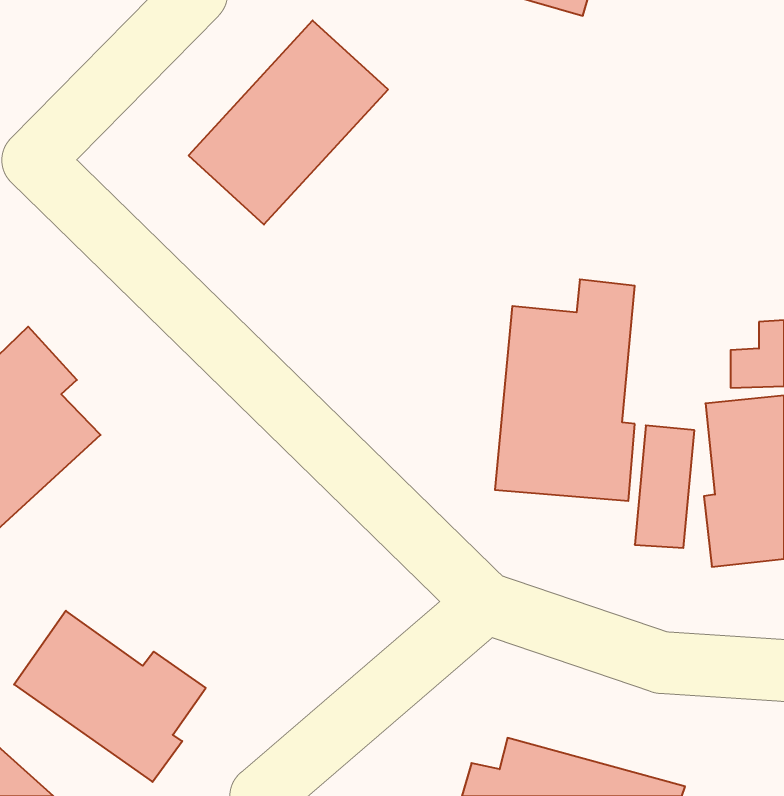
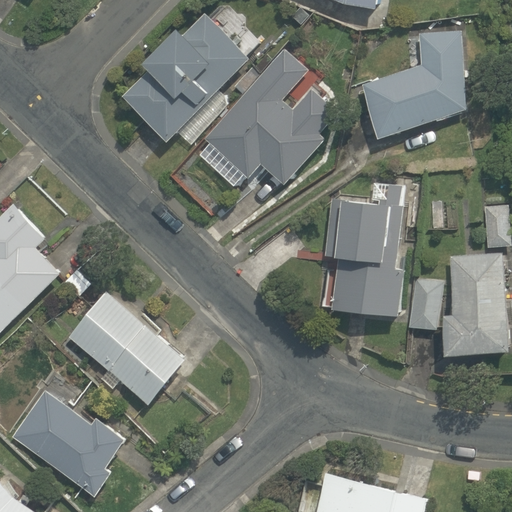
building: none -> [364,35,471,142]
building: none -> [192,48,343,191]
building: none -> [64,290,192,408]

